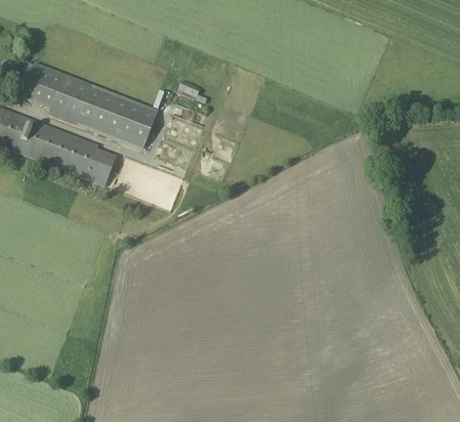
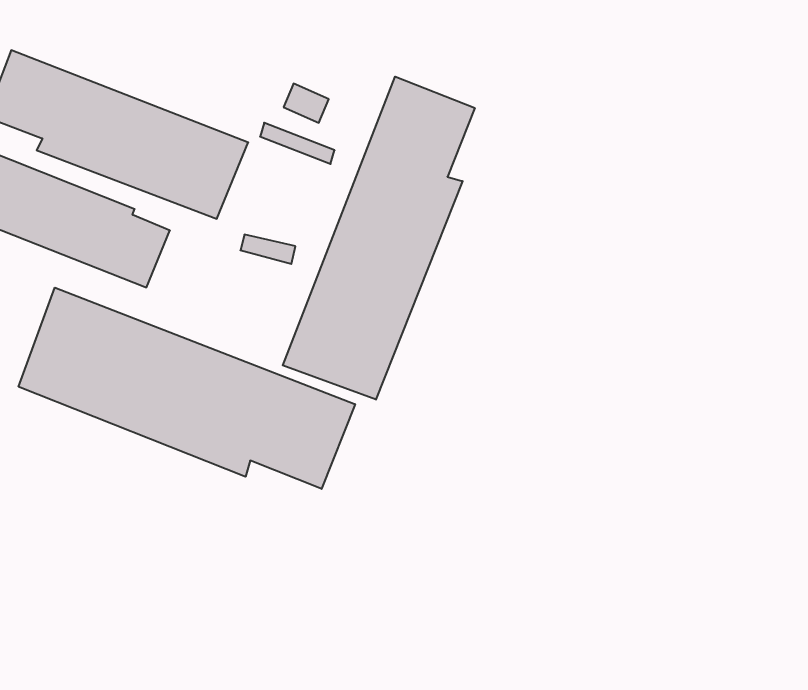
building: none -> [283,77,475,400]
building: none -> [19,288,355,489]

